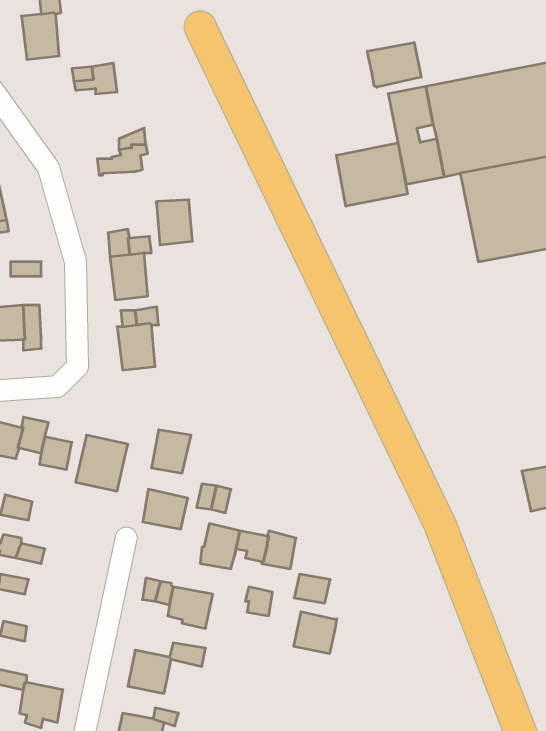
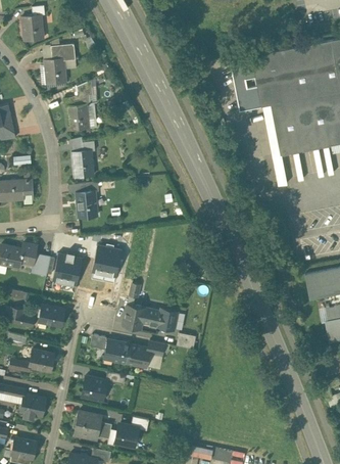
building: [367,42,421,87] -> none
building: none -> [45,57,65,84]
building: [336,143,407,206] -> none
building: [156,200,192,245] -> [67,104,88,130]
building: [143,489,188,529] -> [39,304,64,326]
building: none -> [29,349,54,372]
building: [294,612,337,653] -> [126,343,150,367]

